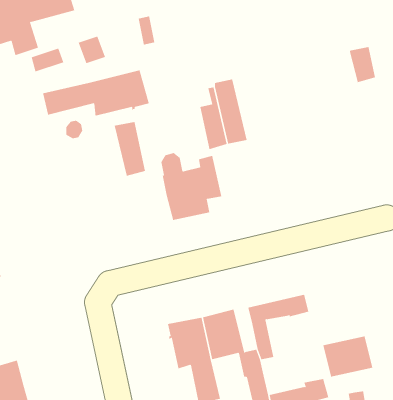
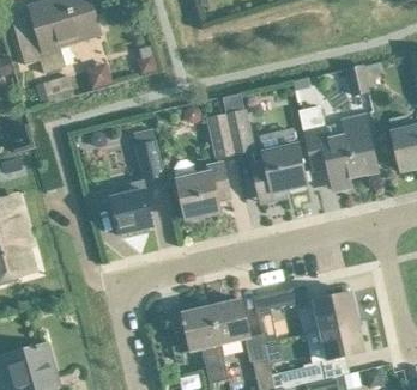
building: [43,70,150,117] -> none
building: none -> [298,104,376,181]
building: none -> [252,144,307,195]
building: none -> [110,178,153,234]
building: none -> [313,291,358,330]

